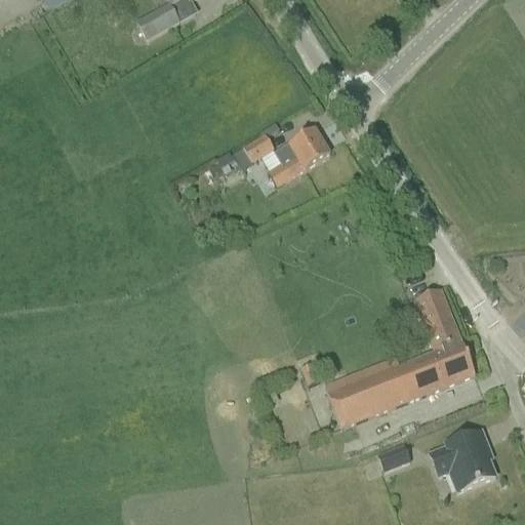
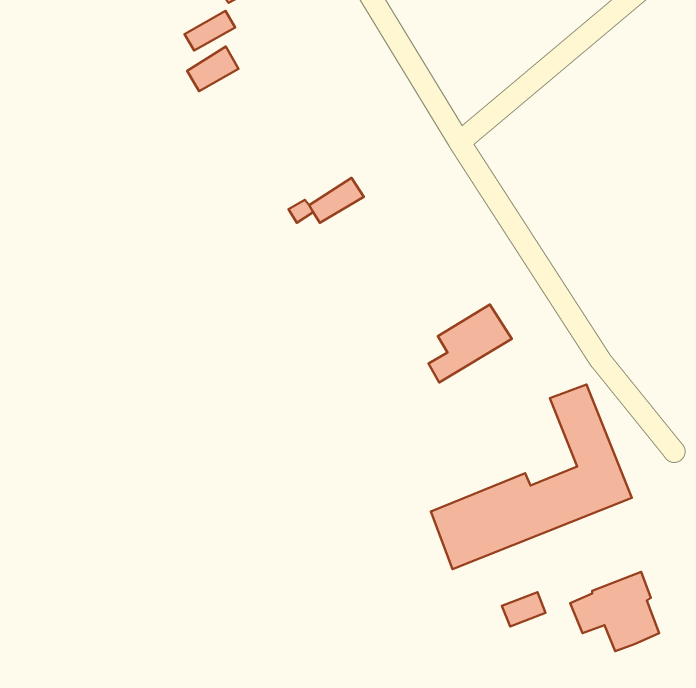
building: none -> [187,47,238,91]
building: [269,127,331,186] -> [428,305,512,383]

